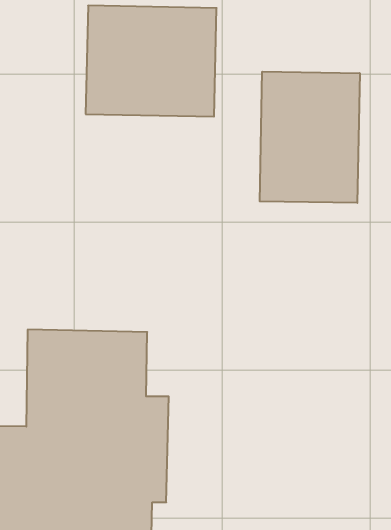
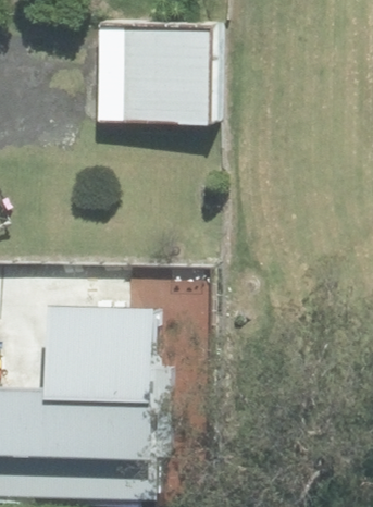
building: [260,72,360,203] -> none

